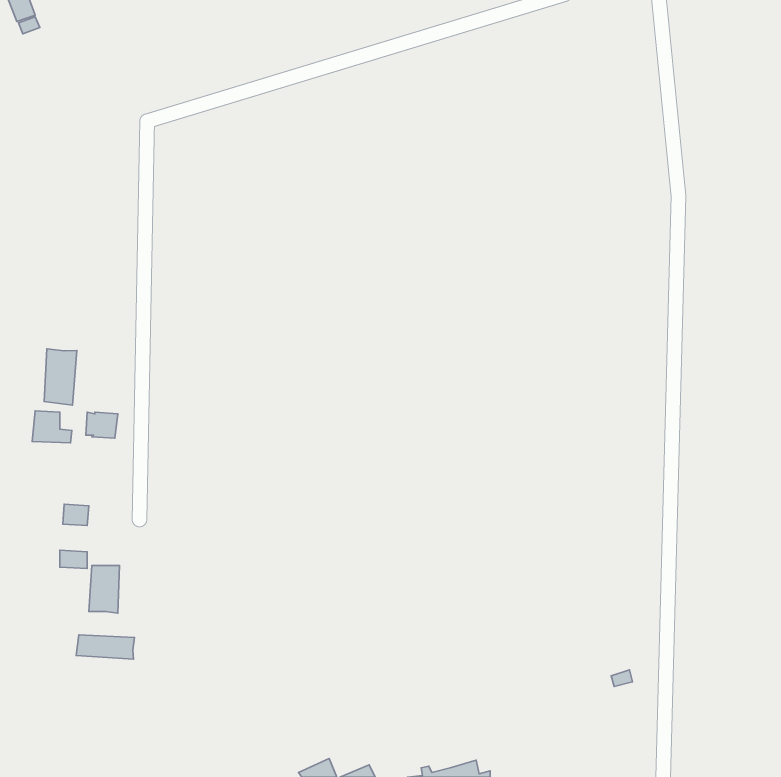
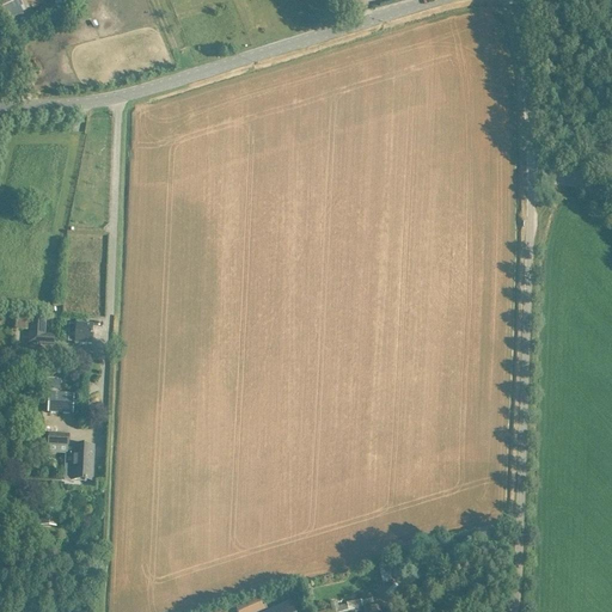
building: [44,349,77,405] -> none
building: [76,635,135,659] -> none

